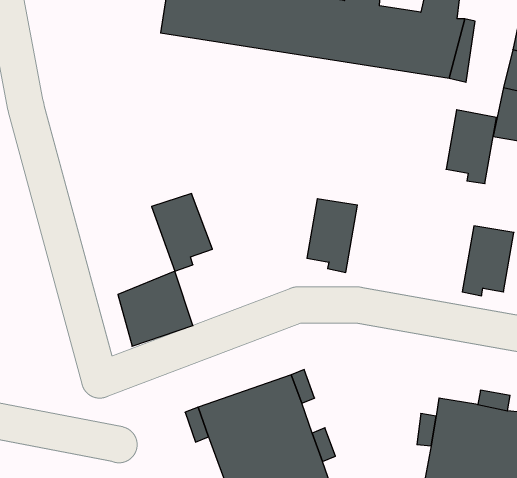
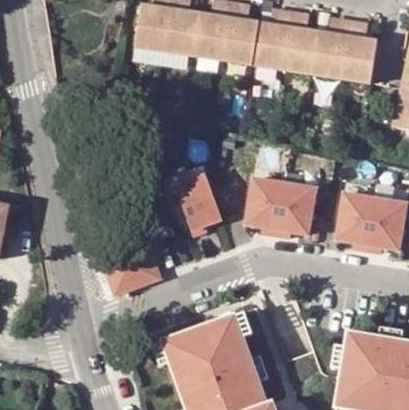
building: [446,110,497,184] -> [336,192,375,249]
building: [152,194,212,271] -> [176,174,223,234]
building: none -> [276,182,316,236]

